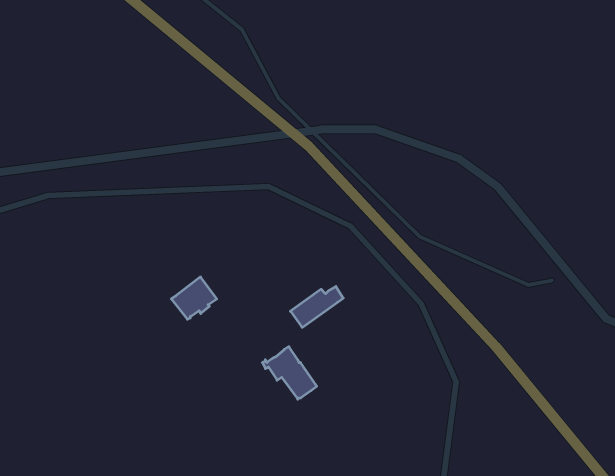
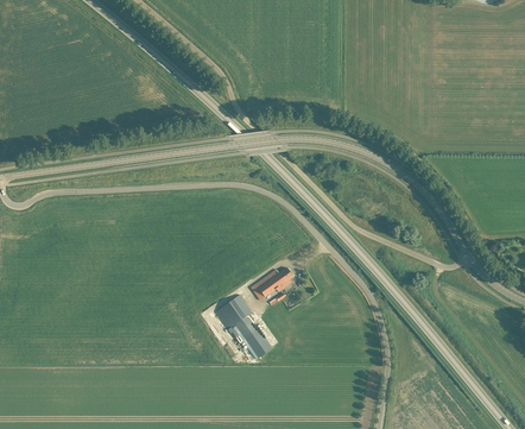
building: [171,277,217,319] -> [215,295,252,329]

